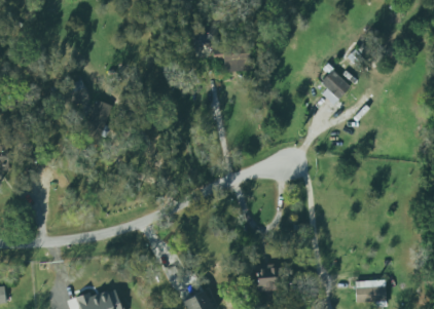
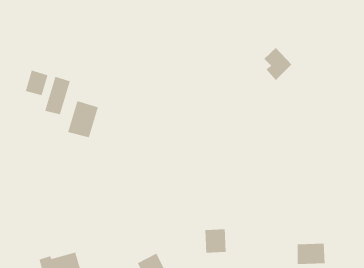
building: none -> [25,69,49,96]
building: none -> [67,100,99,138]

